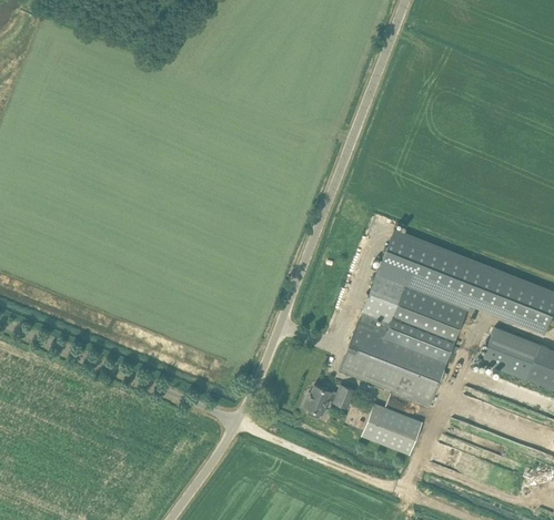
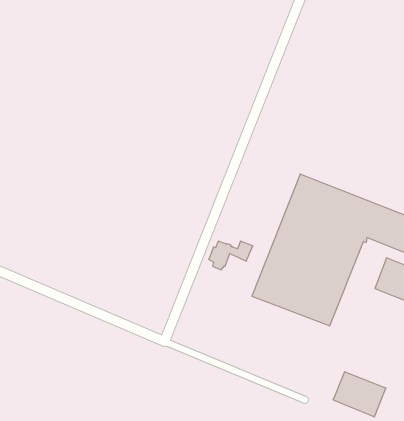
building: [304,385,355,418] -> [209,241,253,270]
building: [362,402,423,455] -> [333,372,386,417]

